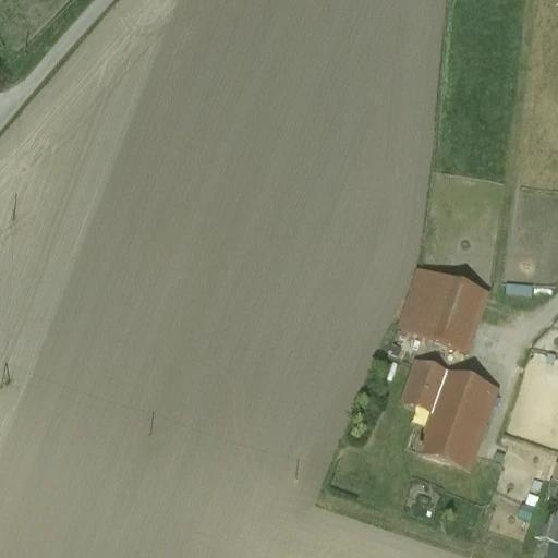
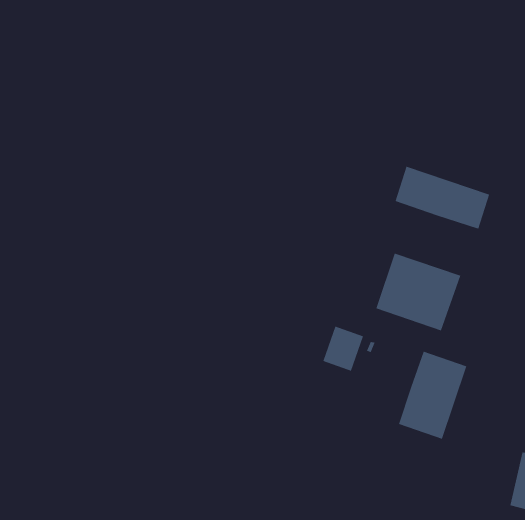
building: none -> [395,166,490,230]
building: [405,361,449,409] -> [323,326,364,371]

